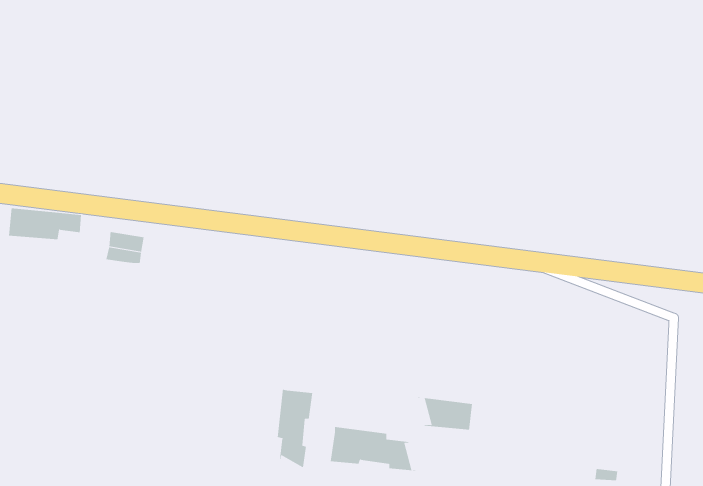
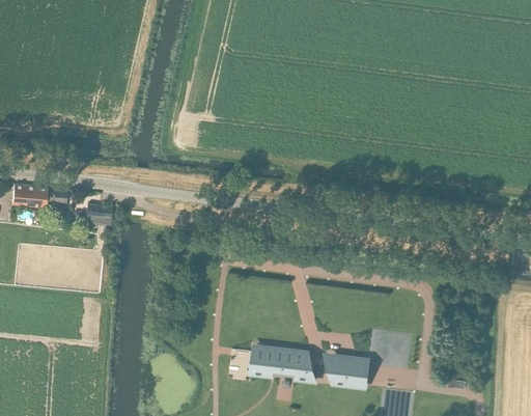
building: [277,389,313,472] -> none
building: [417,397,473,430] -> [326,357,367,382]

